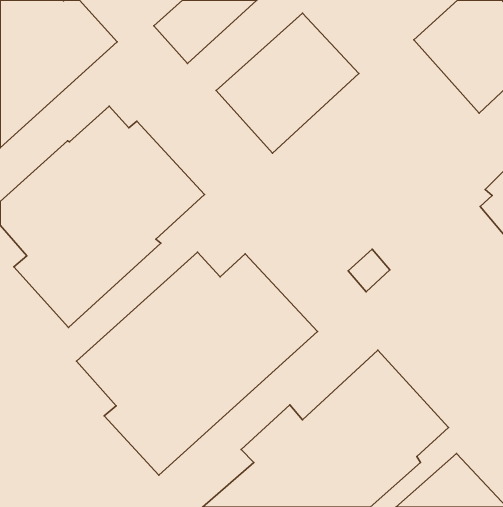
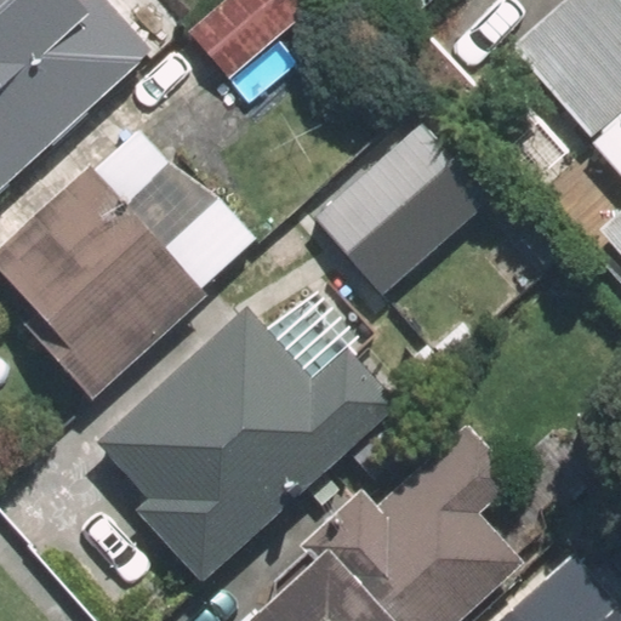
building: [216,13,359,153] -> [315,126,490,297]

